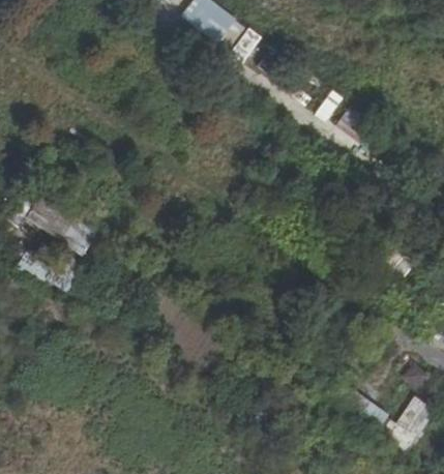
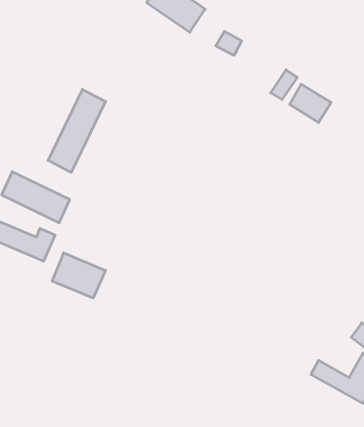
building: none -> [48,89,106,172]
building: none -> [52,253,105,298]

